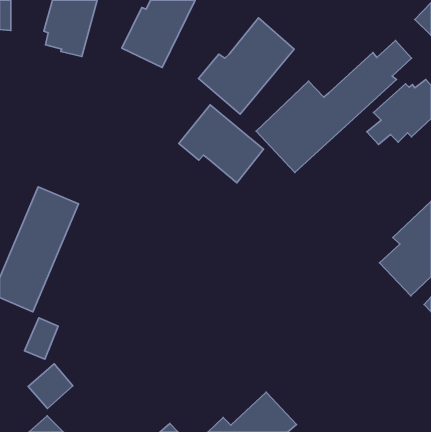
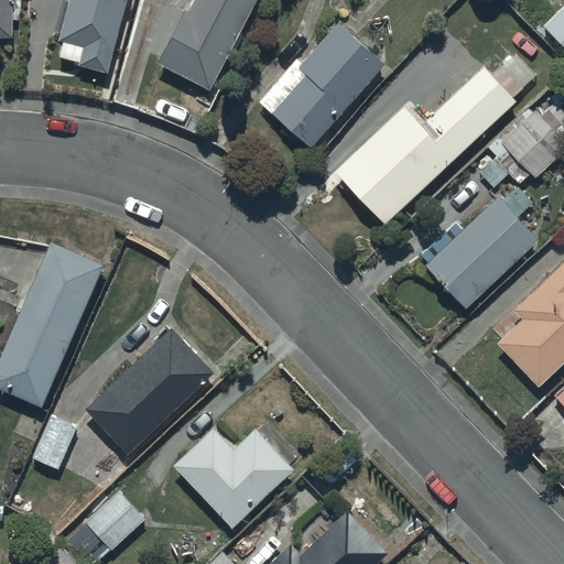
building: [179,105,264,183] -> none
building: none -> [422,187,536,307]
building: none -> [86,328,210,453]
building: none -> [173,426,293,528]
building: [28,364,73,409] -> [85,491,143,550]

